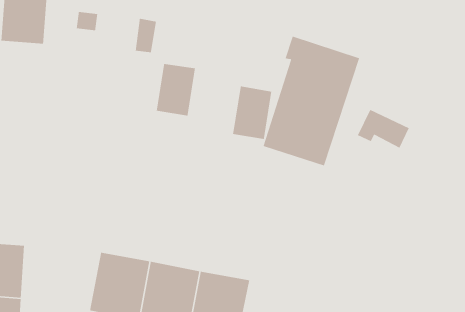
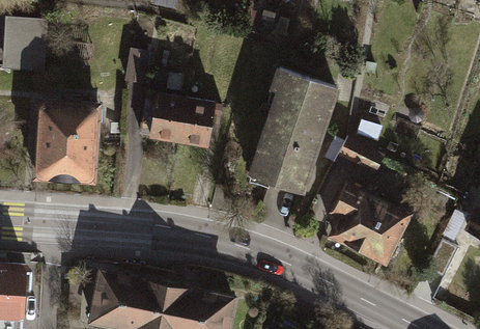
building: none -> [34,102,100,184]
building: [232,86,272,140] -> [178,97,216,147]
building: none -> [327,179,414,268]

